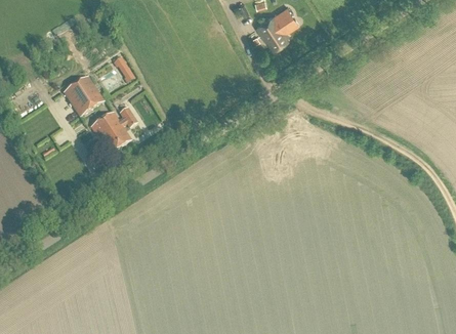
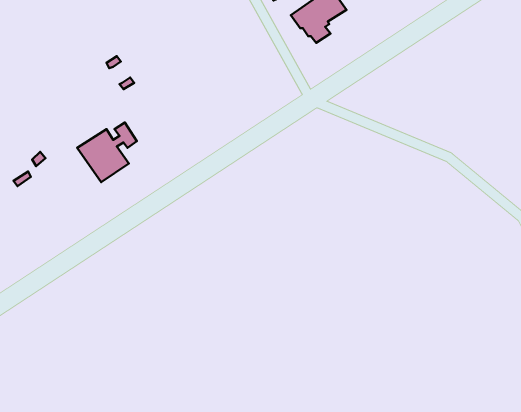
building: [64,76,105,117] -> none

